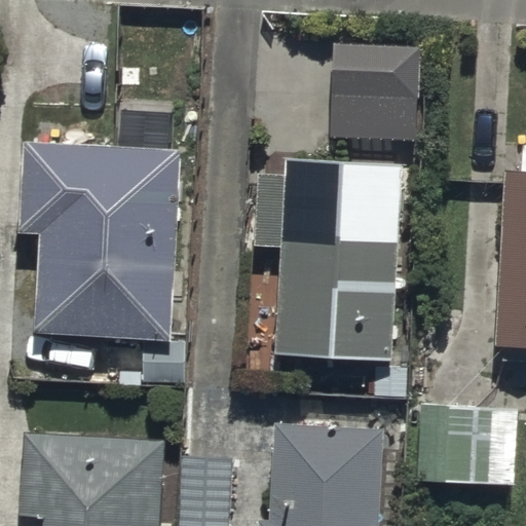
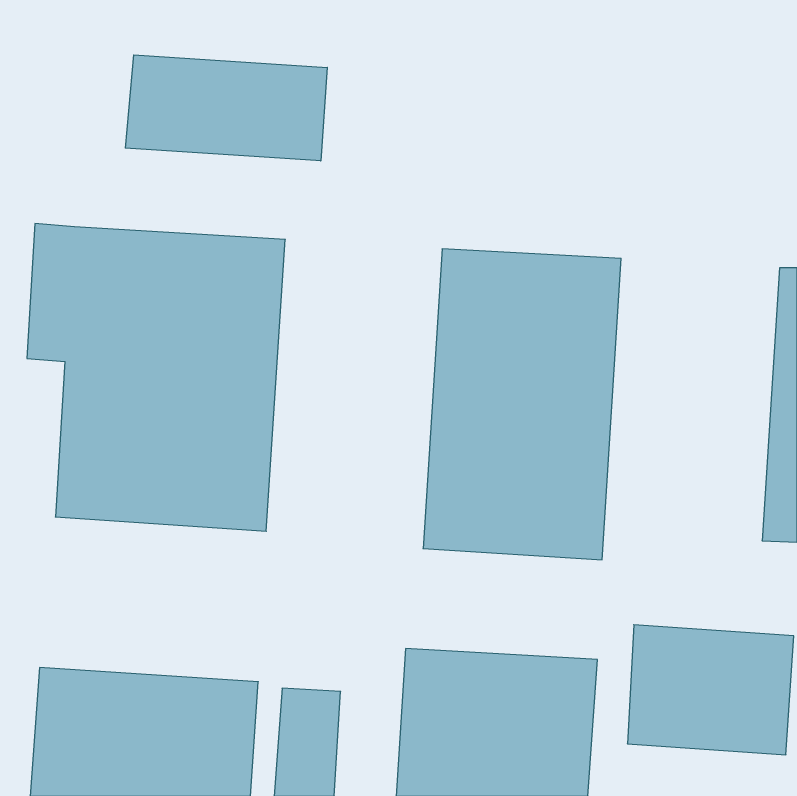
building: [330,30,417,140] -> none
building: none -> [125,55,327,161]

